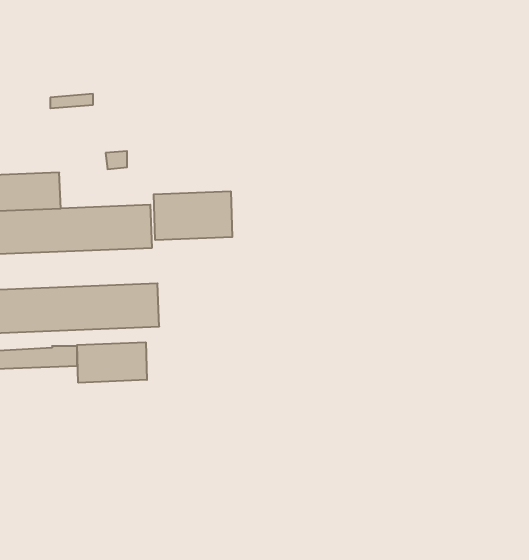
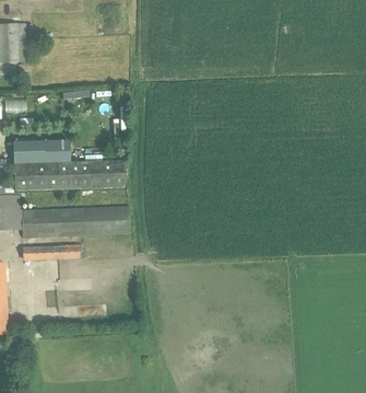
building: [154,191,232,240] -> none
building: [77,342,147,383] -> none

